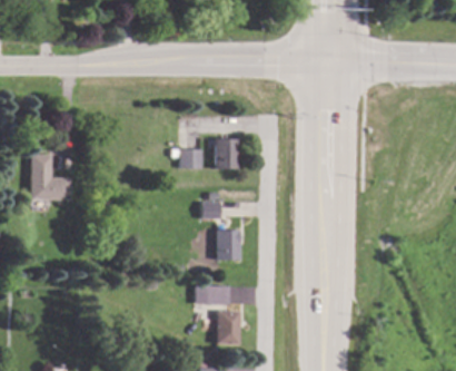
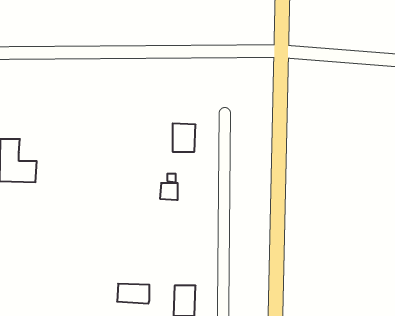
building: [180,148,202,169] -> none
building: [217,230,241,261] -> none
building: [196,284,230,305] -> [117,284,149,304]

